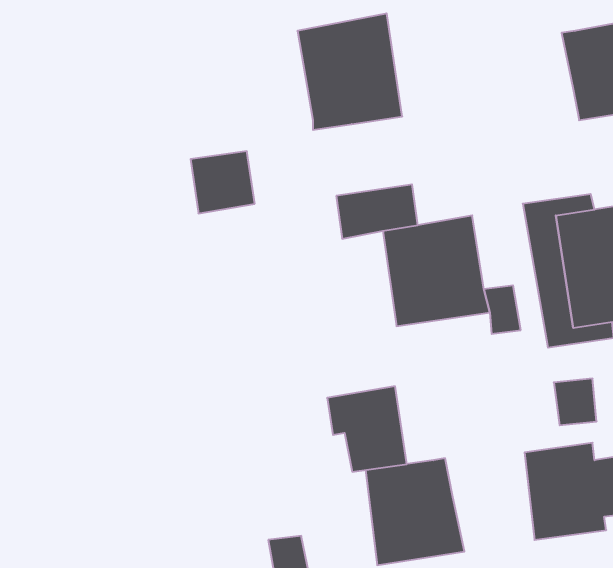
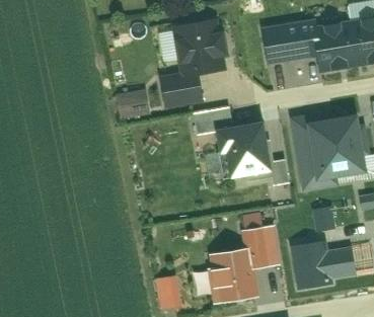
building: none -> [261,18,317,64]
building: none -> [160,72,203,109]
building: [327,386,407,472] -> [240,224,282,268]

